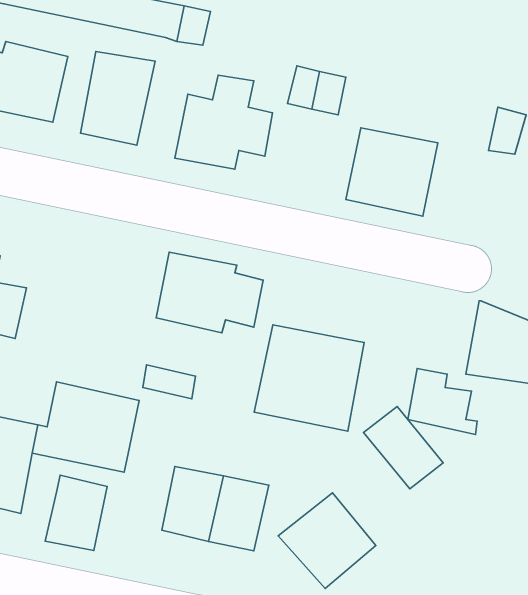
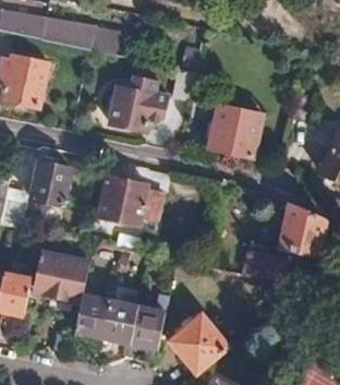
building: [81,51,155,145] -> none
building: none -> [32,161,70,204]
building: [254,325,364,431] -> none
building: [364,406,443,489] -> none
building: [45,475,107,551] -> [74,294,110,338]

